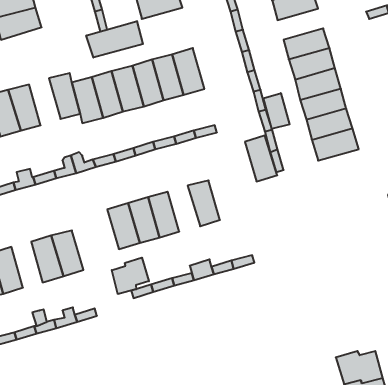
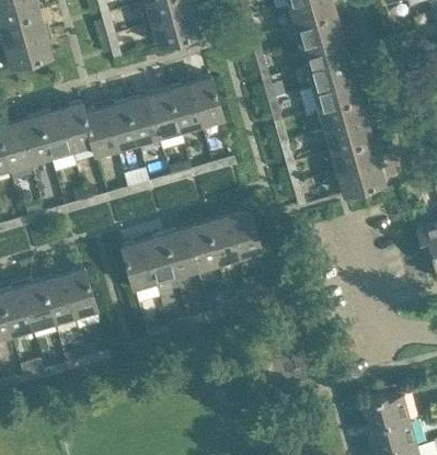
building: none -> [300,36,348,69]
building: [86,21,143,58] -> none
building: none -> [39,110,72,159]
building: [264,93,290,129] -> none
building: [245,136,277,181] -> [228,211,262,259]
building: none -> [185,223,219,271]
building: none -> [21,282,54,330]
building: [112,258,149,294] -> none

